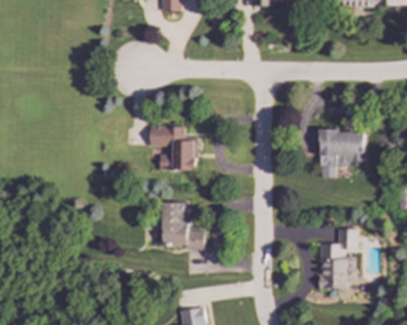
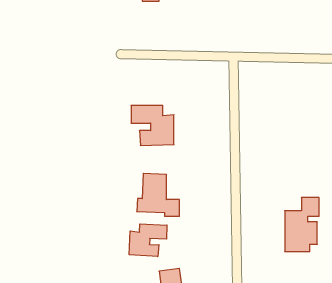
building: [319,129,365,176] -> none
building: none -> [129,224,167,257]

